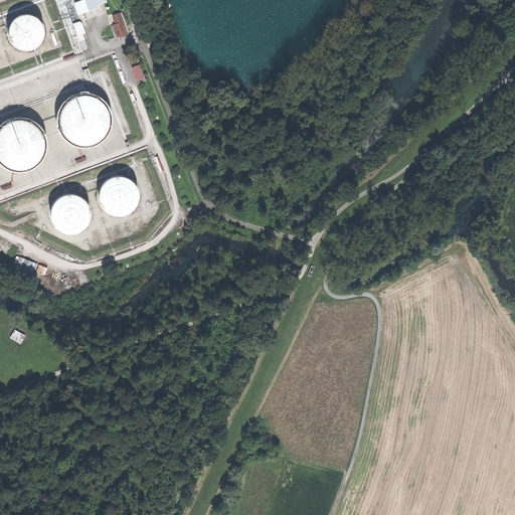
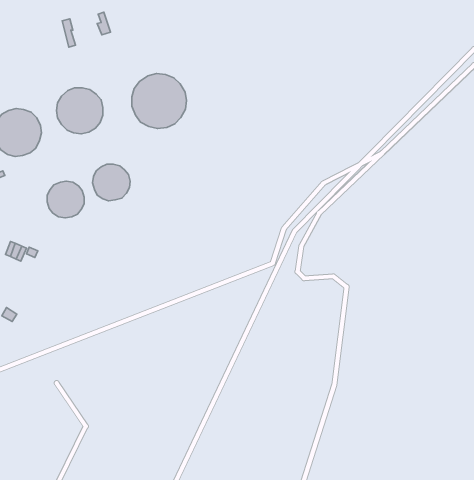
building: [9,16,42,48] -> none
building: none -> [132,73,186,129]

